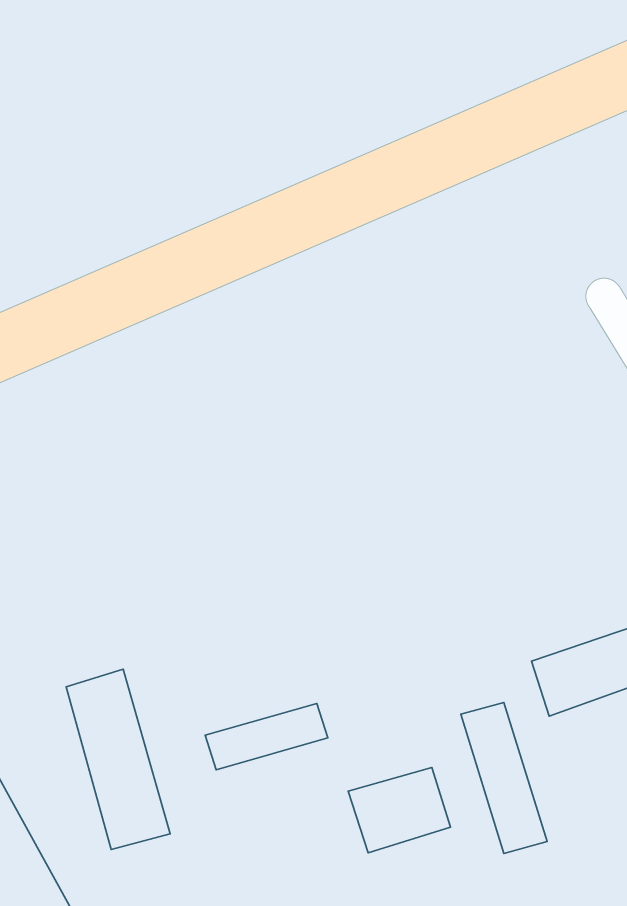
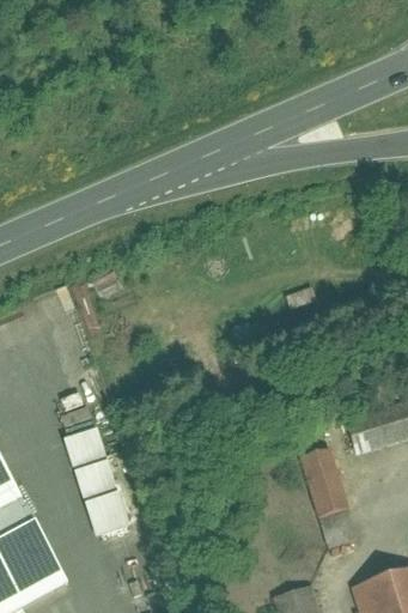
building: [205,703,328,770] -> none
building: [348,768,450,853] -> none

